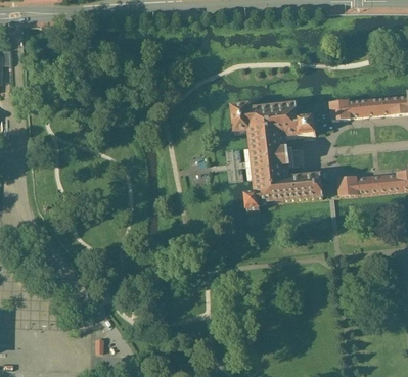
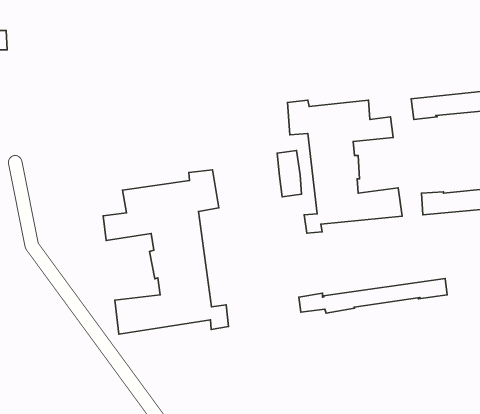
building: none -> [103,170,229,334]
building: none -> [299,279,447,313]

